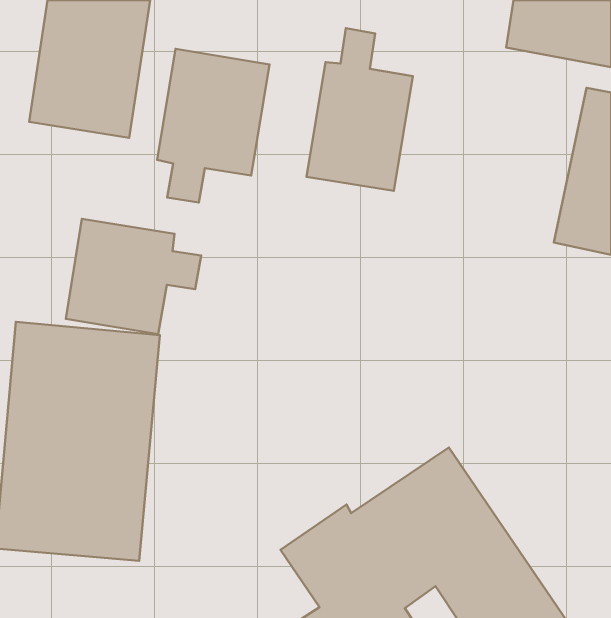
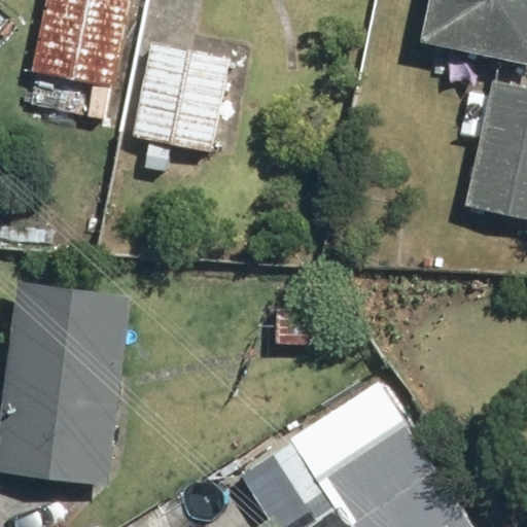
building: [306,28,413,191] -> none
building: [66,219,201,334] -> none

